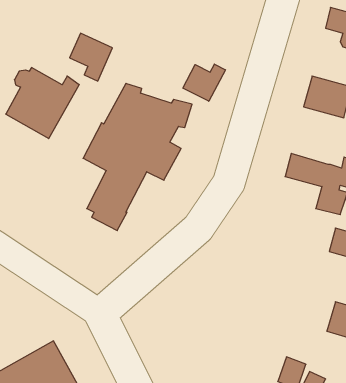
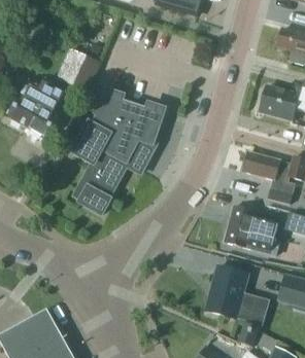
building: [183,64,225,101] -> none
building: none -> [224,204,278,253]
building: none -> [207,267,255,318]

